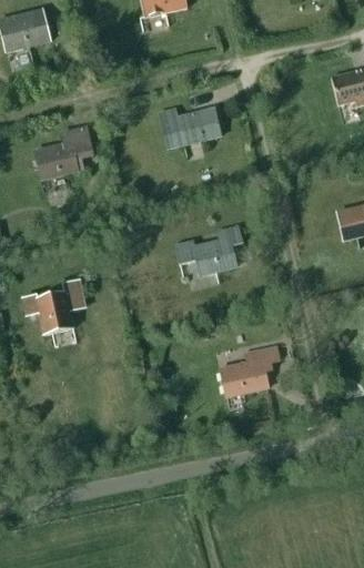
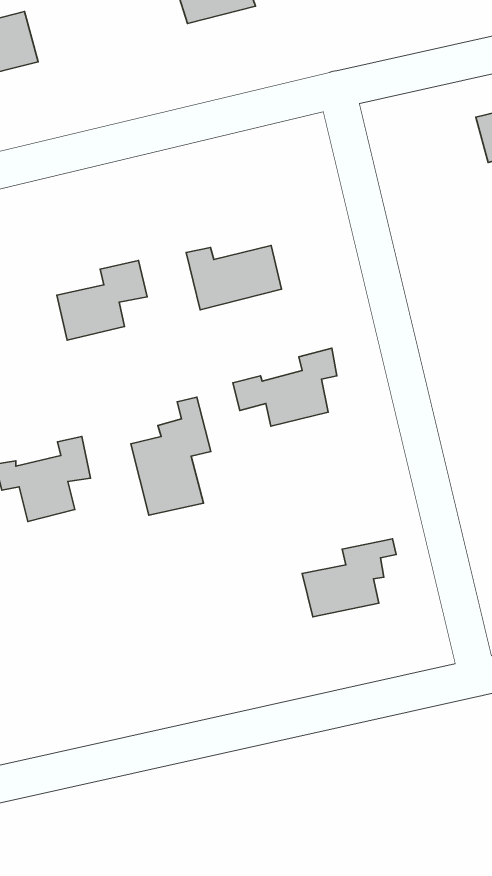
building: [160,108,221,149] -> [186,246,282,310]
building: [34,128,92,179] -> [57,260,147,340]
building: none -> [131,397,211,515]

